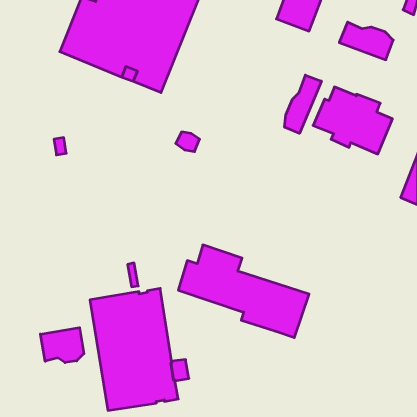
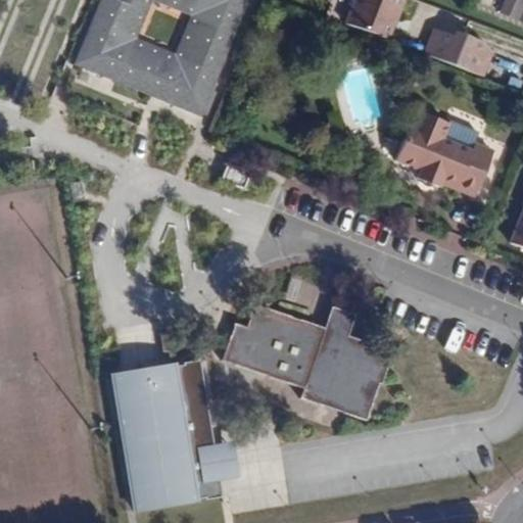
building: [285,75,321,133] -> none
building: none -> [298,302,392,367]
building: [40,328,84,363] -> none

